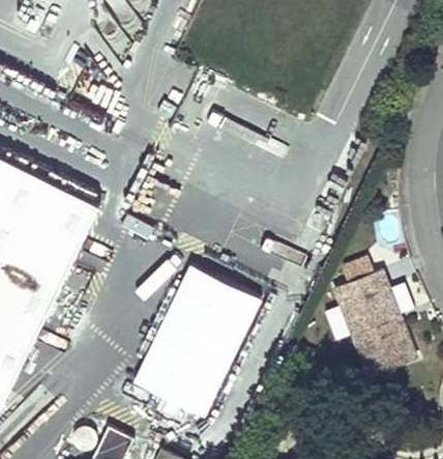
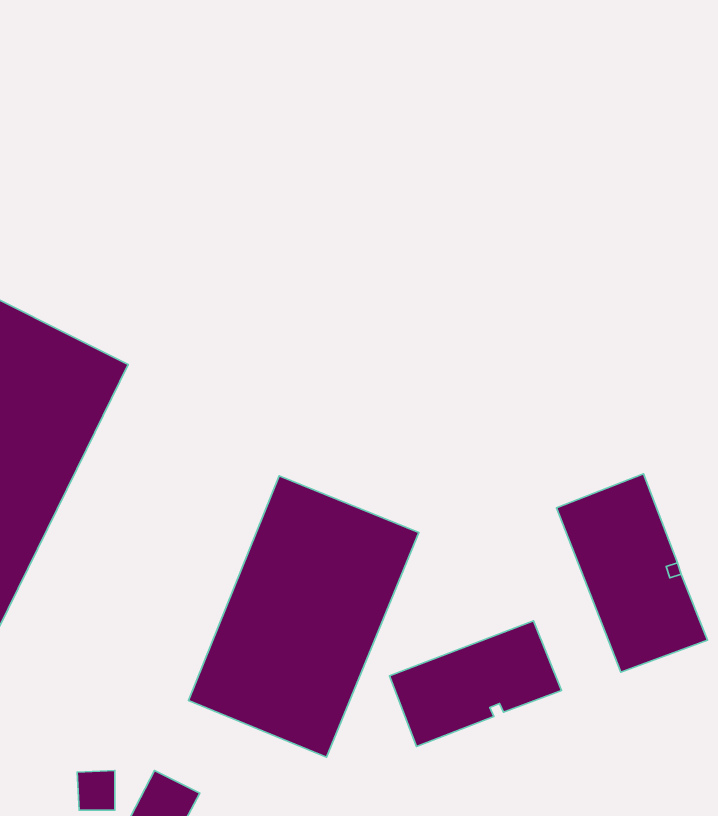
building: none -> [390,621,562,747]

